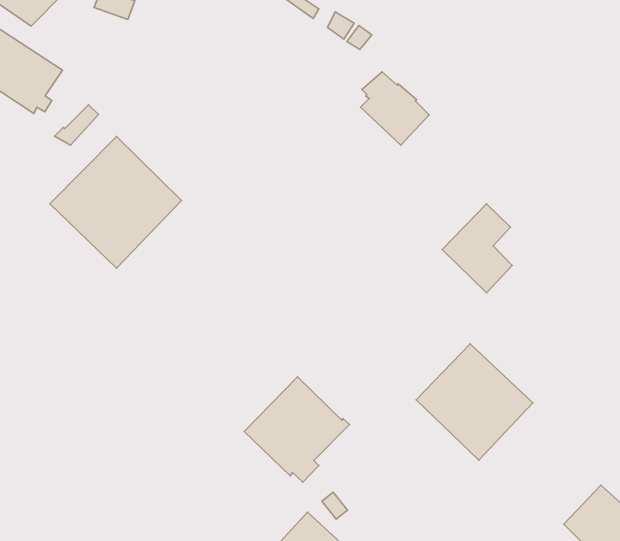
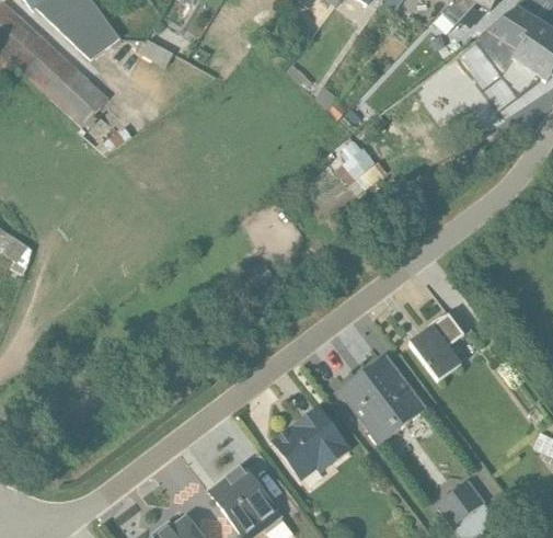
building: [50,136,181,268] -> none
building: [442,204,512,293] -> [408,312,463,380]
building: [244,377,350,482] -> [270,405,352,487]

